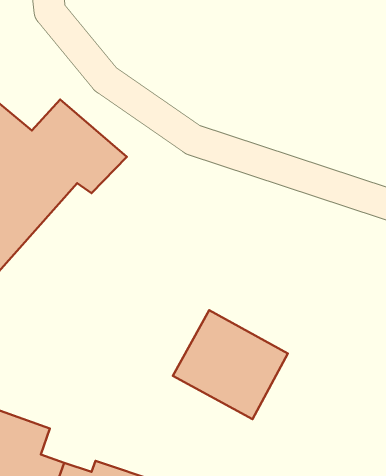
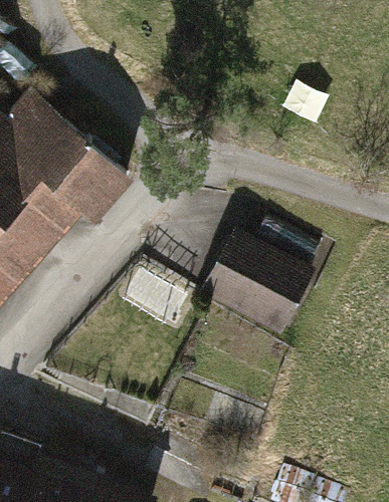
building: [173,310,288,419] -> [202,233,317,341]

